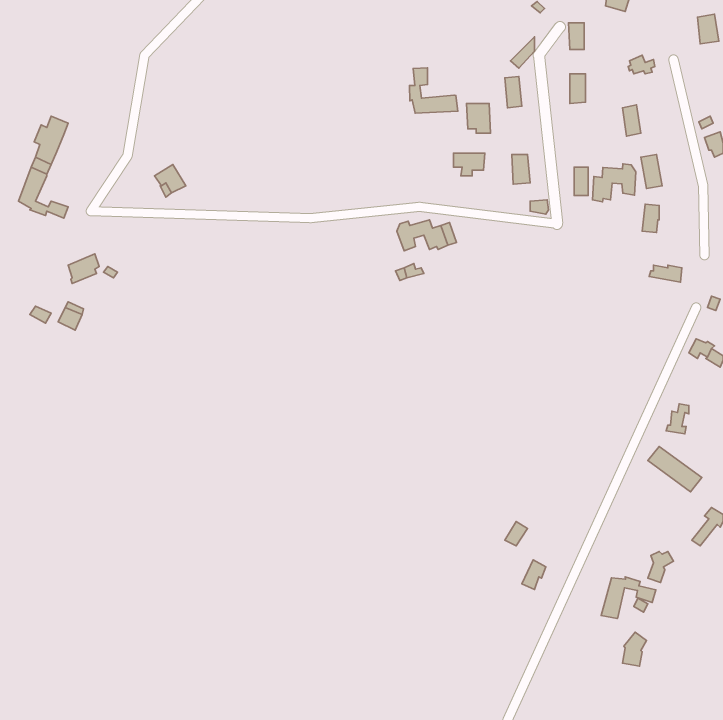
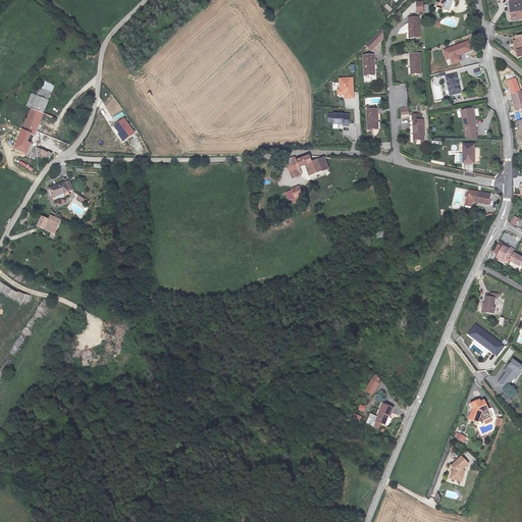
building: [409,68,458,113] -> none
building: [592,164,636,202] -> none
building: [601,577,656,619] -> none

